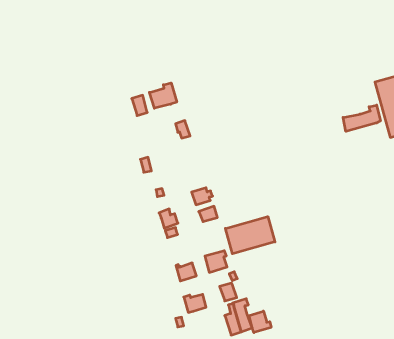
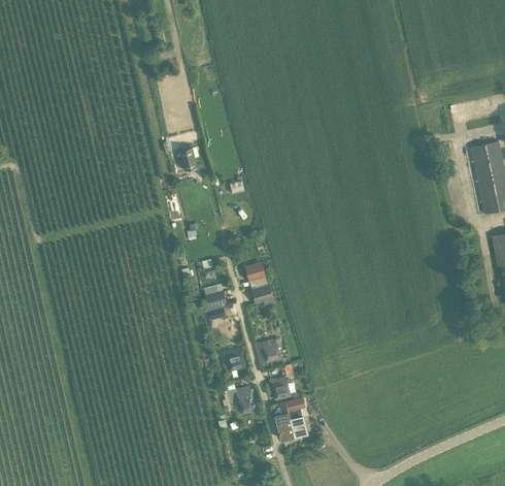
building: [149,83,177,108] -> none
building: [343,105,380,131] -> none
building: [225,217,275,254] -> none
building: [249,311,271,333] -> none

